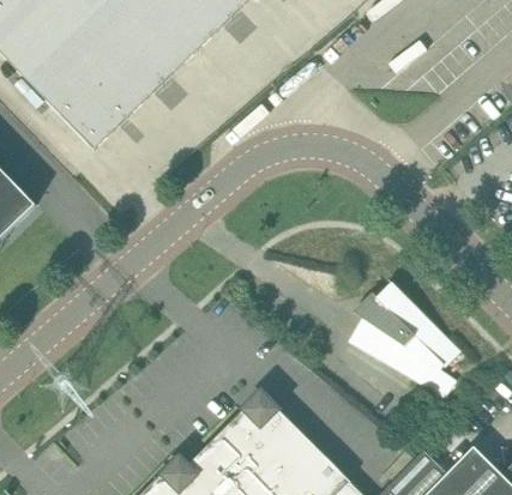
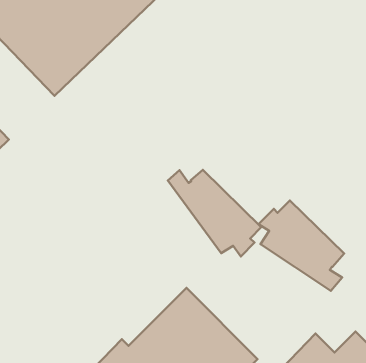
building: none -> [168,170,261,257]

